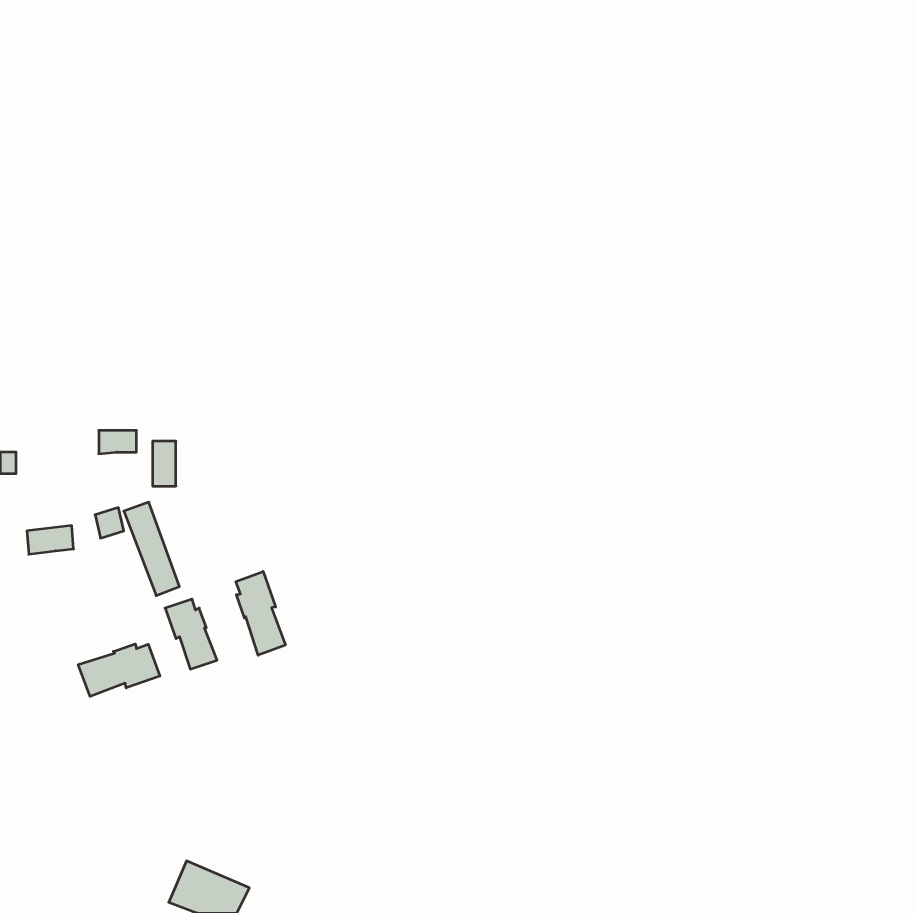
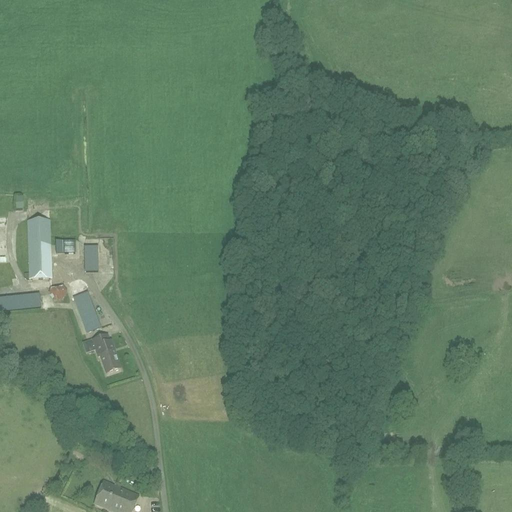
building: none -> [27,219,51,279]
building: [236,571,285,655] -> none
building: [78,644,160,696] -> none

